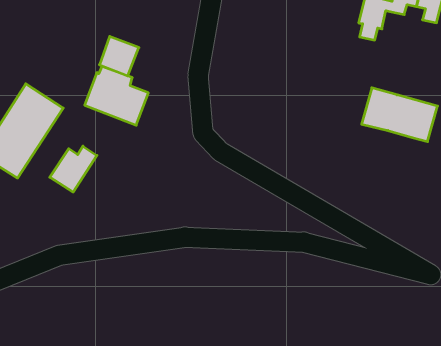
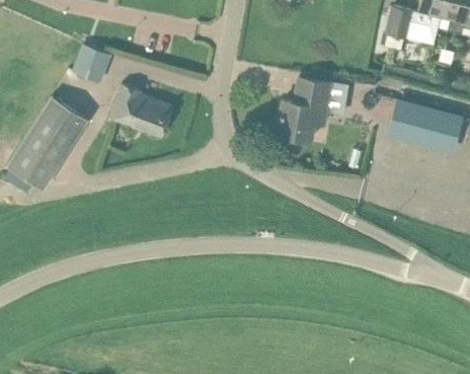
building: [99,36,139,76] -> [72,45,111,84]
building: none -> [277,78,331,140]
building: [50,146,97,192] -> none

